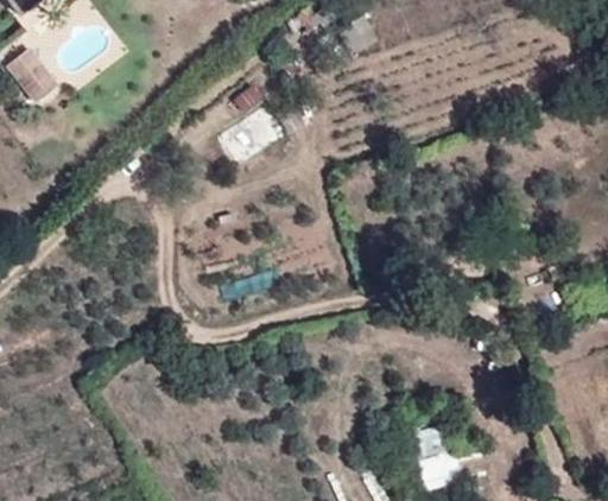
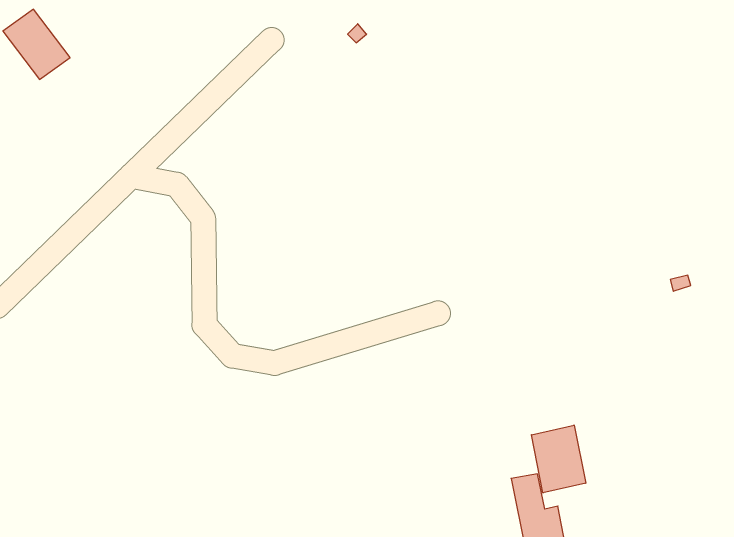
building: none -> [531,425,586,493]

